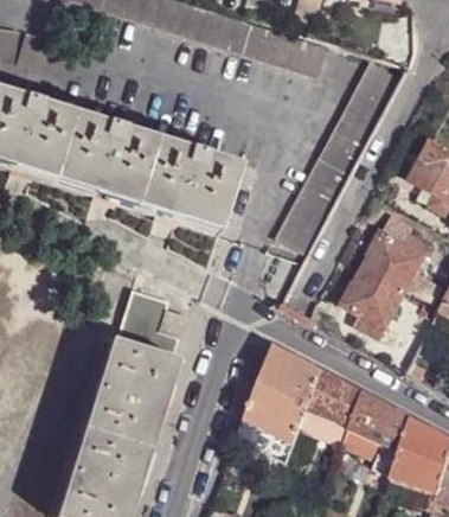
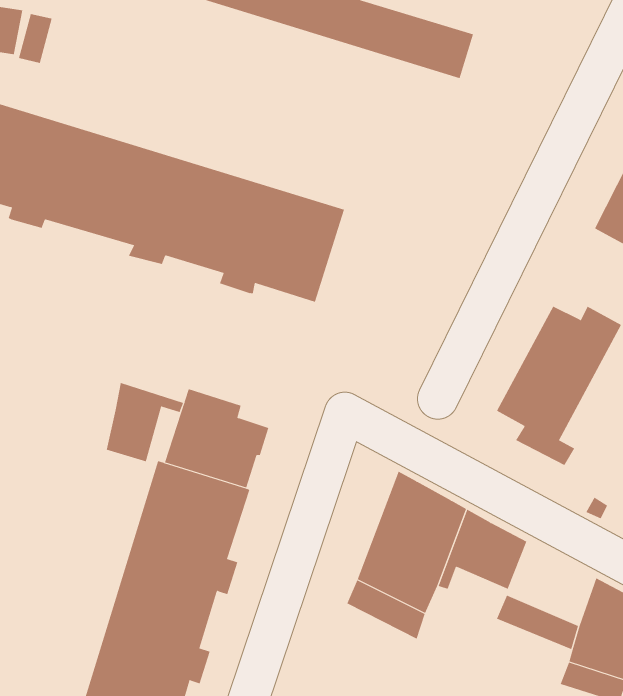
building: [275,59,402,250] -> none
building: none -> [106,382,184,462]
building: [351,394,412,452] -> none

